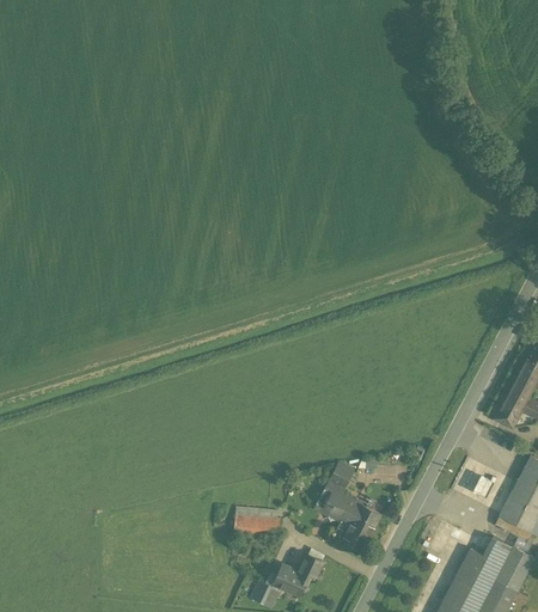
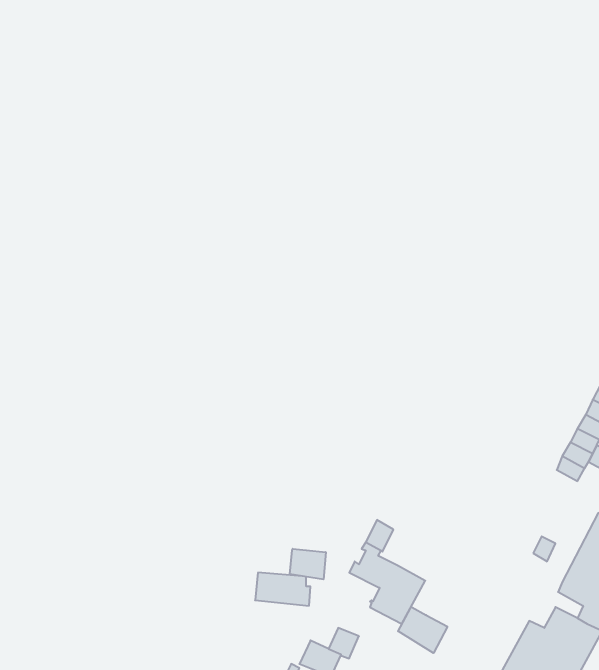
building: none -> [290,549,326,579]
building: none -> [398,607,447,653]

